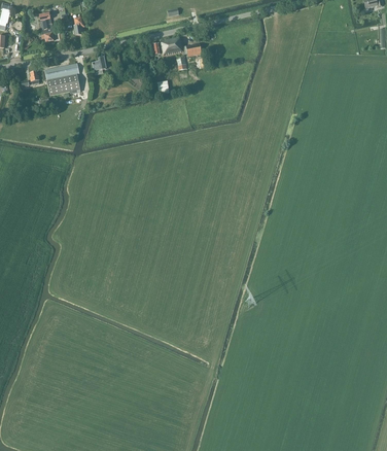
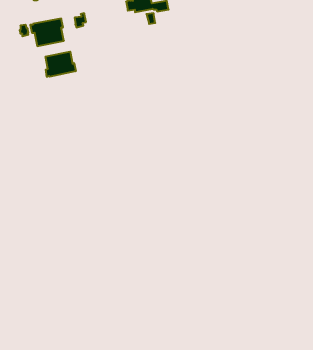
building: none -> [46,52,76,77]

